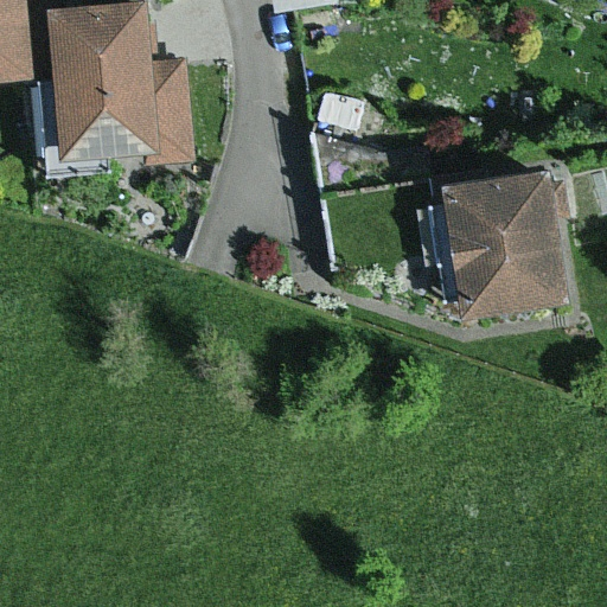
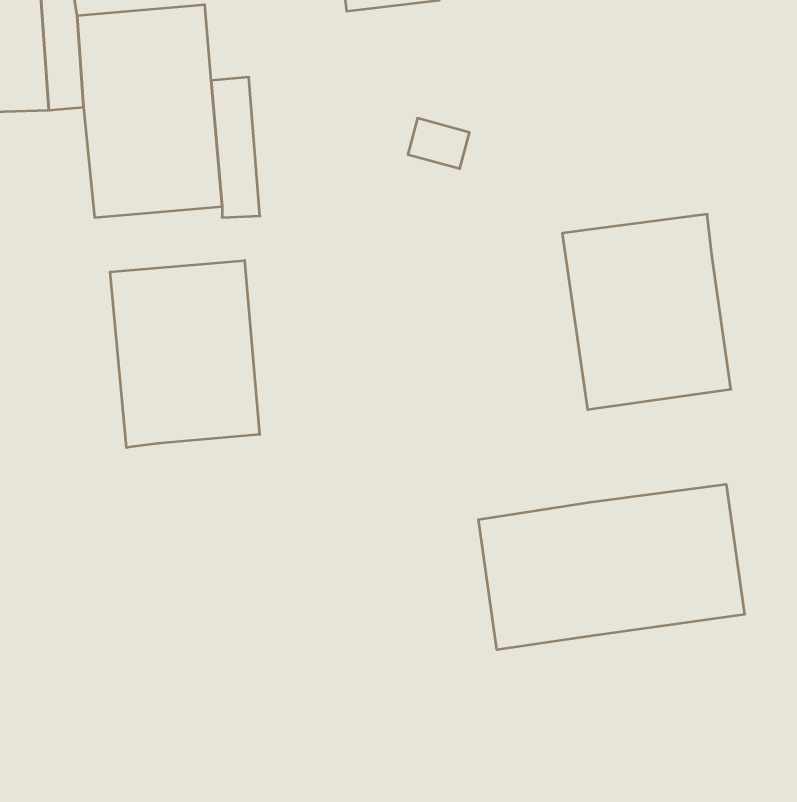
building: none -> [110,260,260,448]
building: none -> [478,484,745,650]

